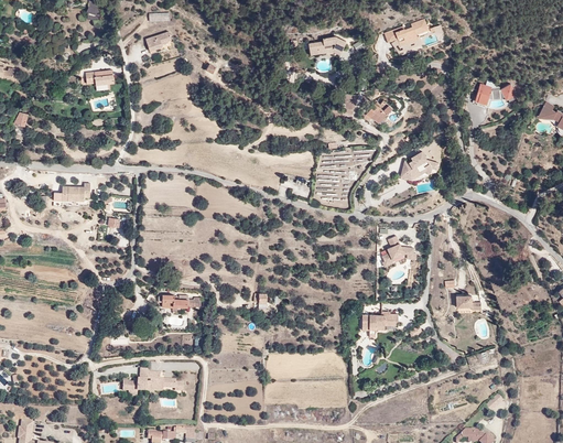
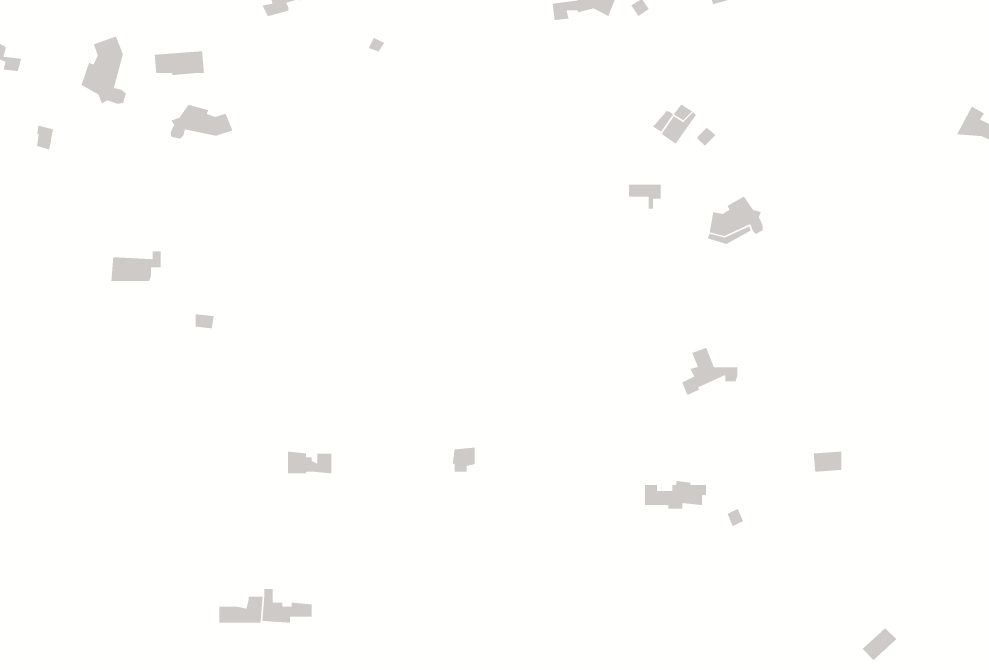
building: none -> [80,35,127,105]
building: [475,83,517,105] -> none
building: none -> [170,104,234,139]

